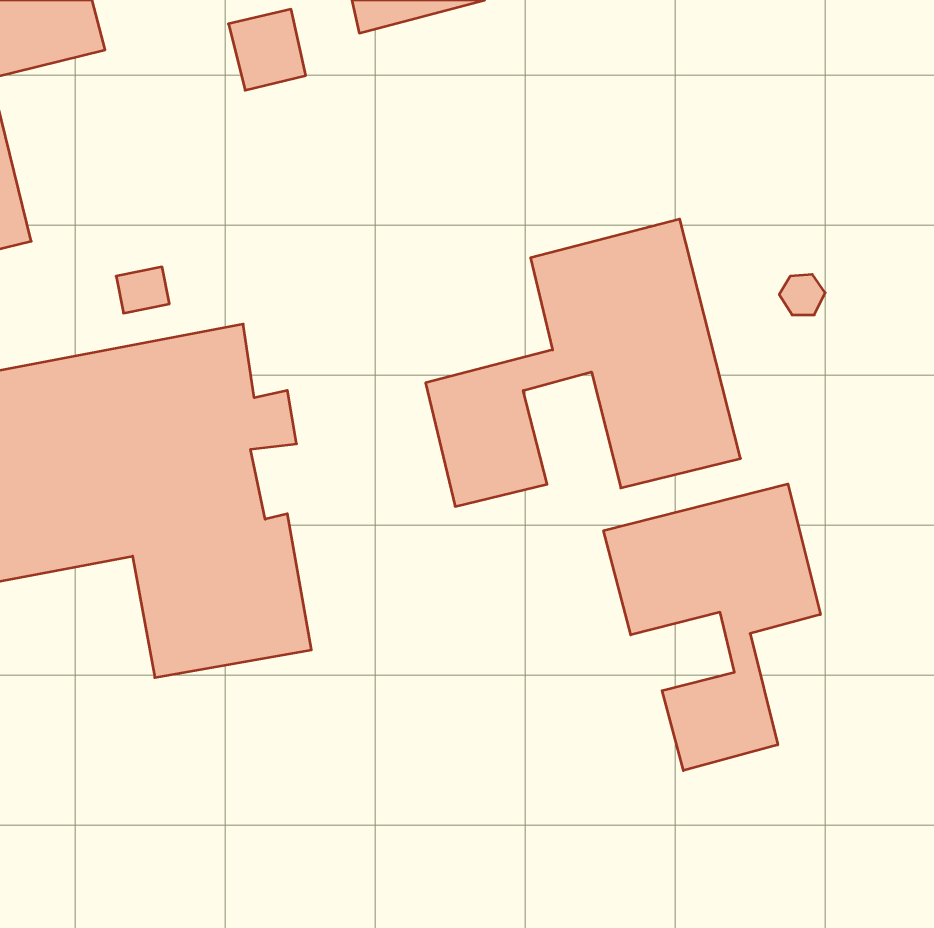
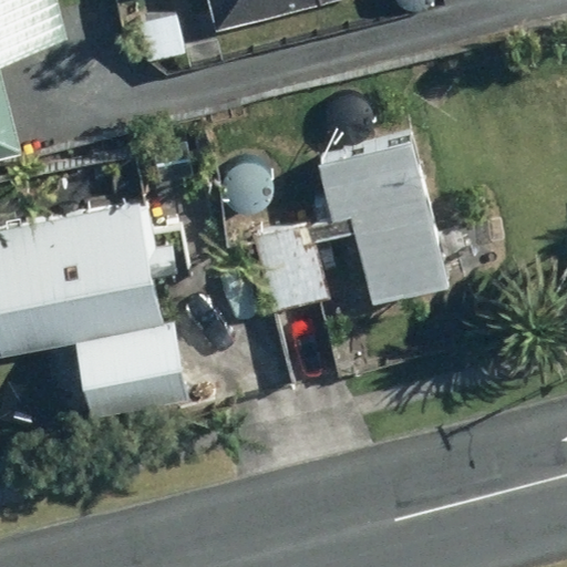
building: [604,484,820,771] -> none

